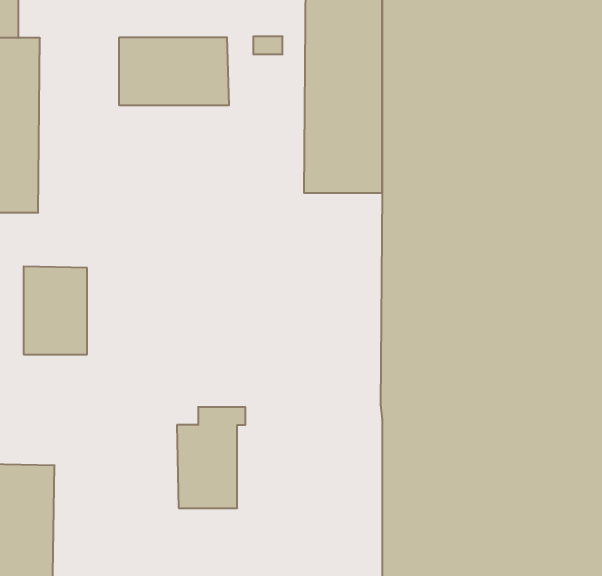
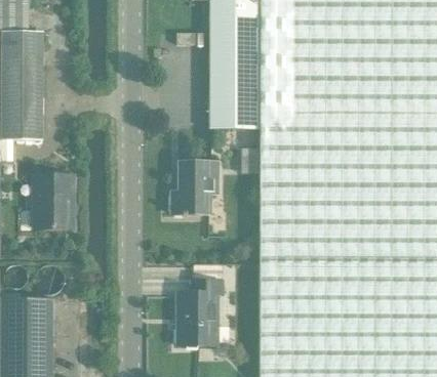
building: [119,37,229,105] -> none
building: none -> [173,163,217,215]
building: [177,407,245,508] -> [178,282,222,345]

